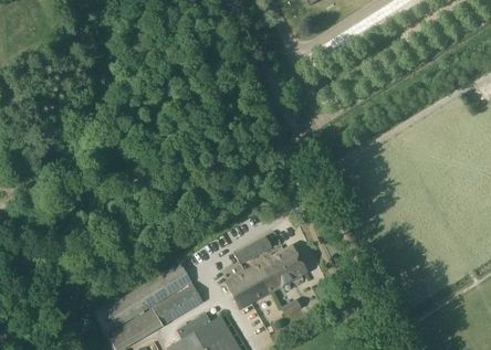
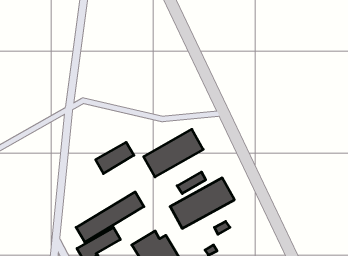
building: none -> [144,129,203,177]
building: [155,284,203,324] -> [96,142,134,174]

